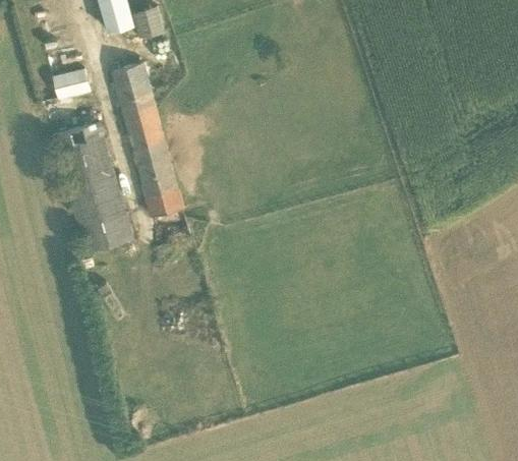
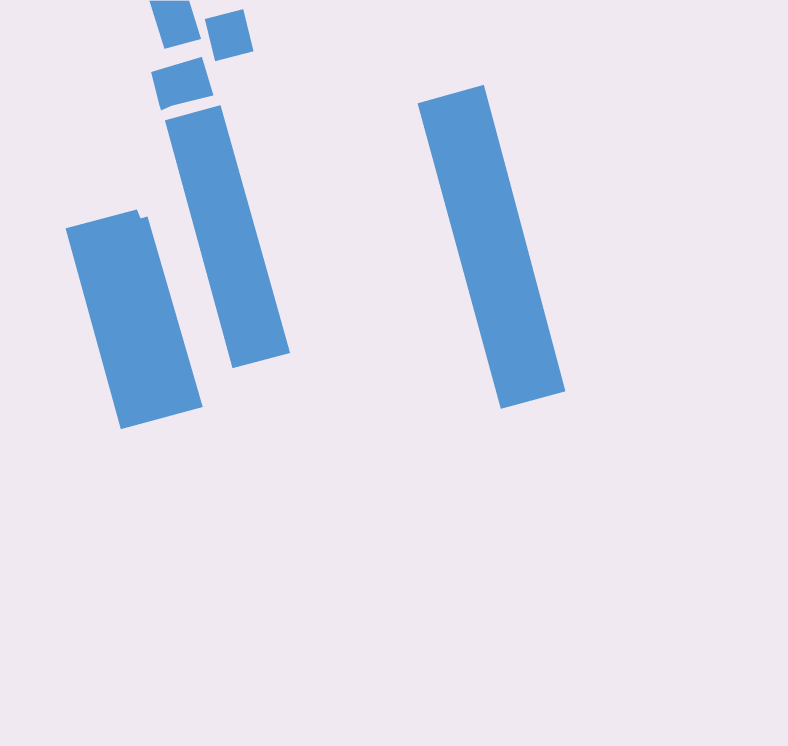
building: none -> [416,84,567,410]
building: [53,67,91,100] -> [150,56,215,112]

